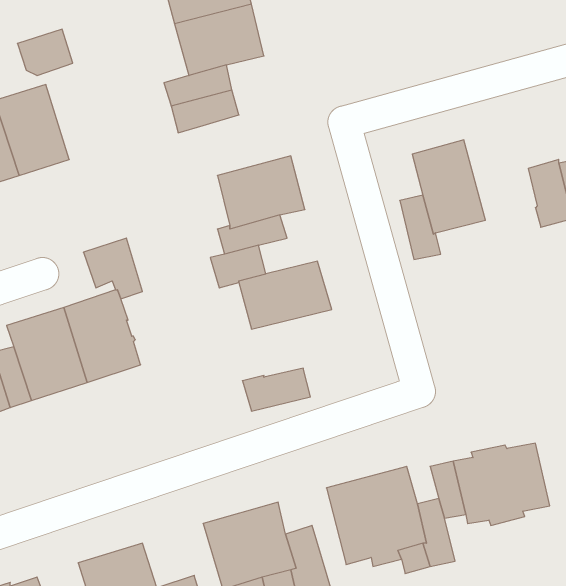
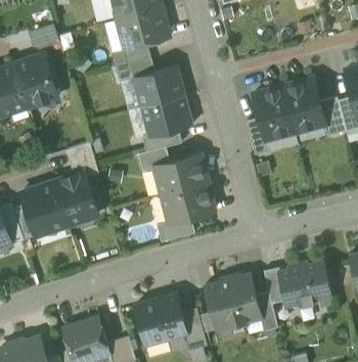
building: none -> [134,66,184,106]
building: none -> [283,78,325,132]
building: none -> [162,183,215,222]

